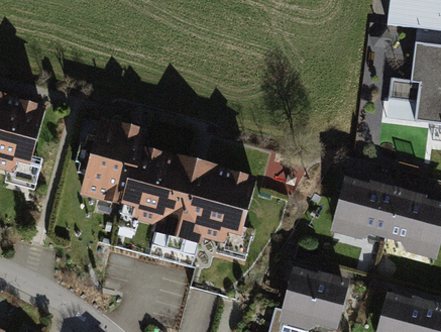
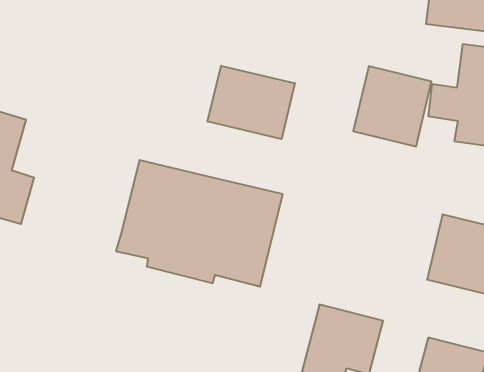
building: none -> [208,66,295,139]
building: [79,117,142,206] -> none
building: [331,176,398,244] -> [353,66,431,147]

